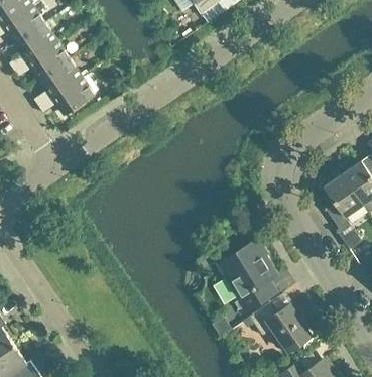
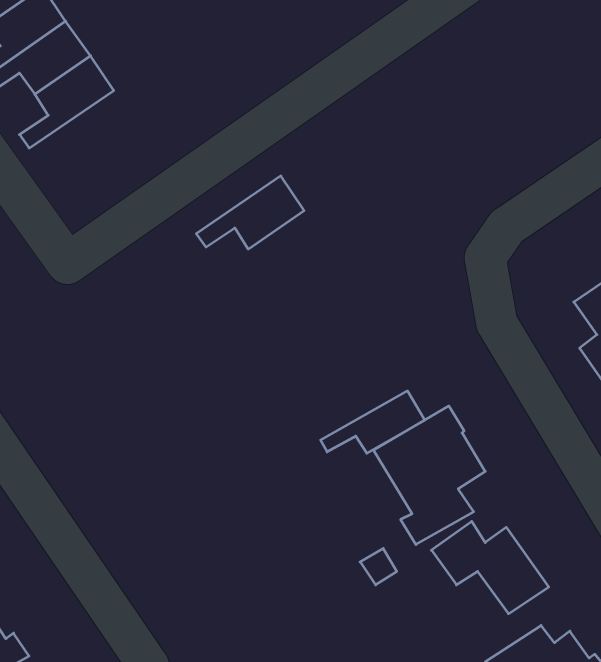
building: [38,76,95,114] -> [196,176,304,249]
building: none -> [321,391,425,453]

